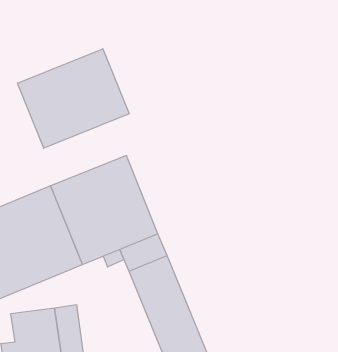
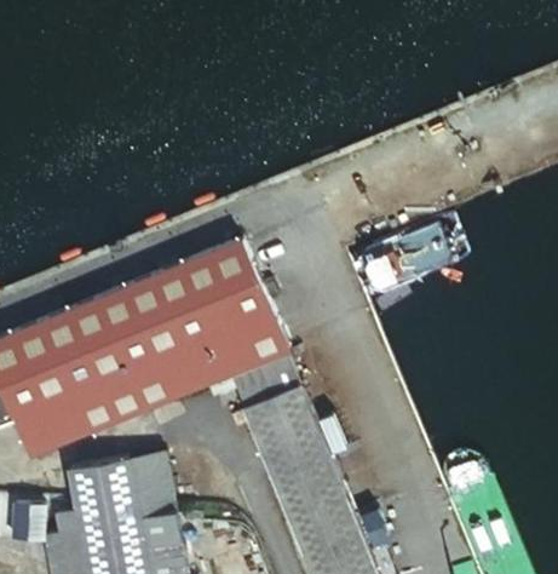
building: [17,49,129,148] -> none

